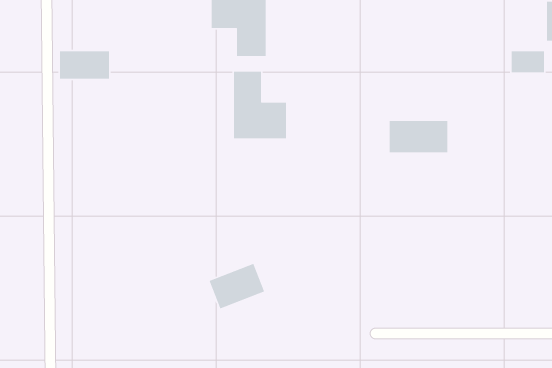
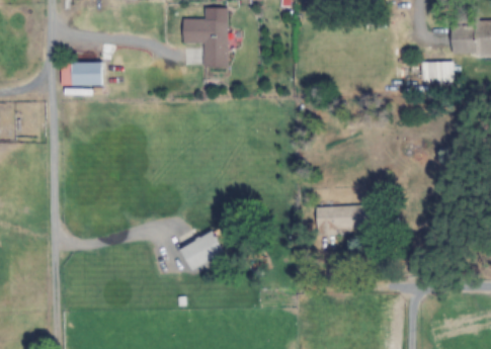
building: [233,71,287,139] -> none
building: [389,120,448,153] -> [317,207,364,234]

